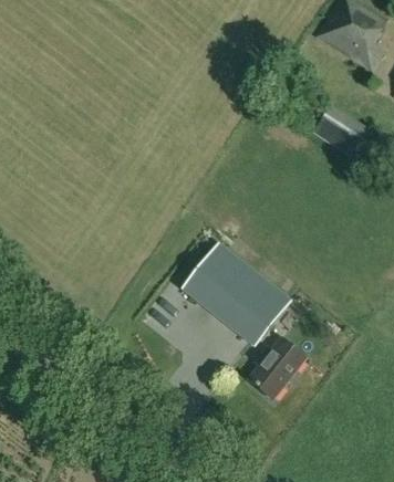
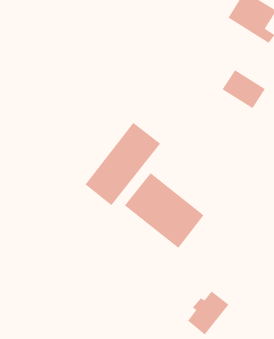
building: none -> [84,122,161,206]
building: [249,338,307,399] -> [187,291,229,335]

